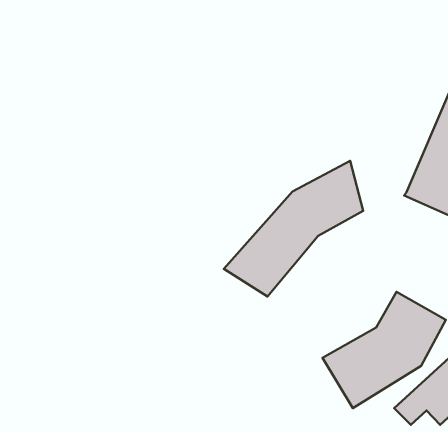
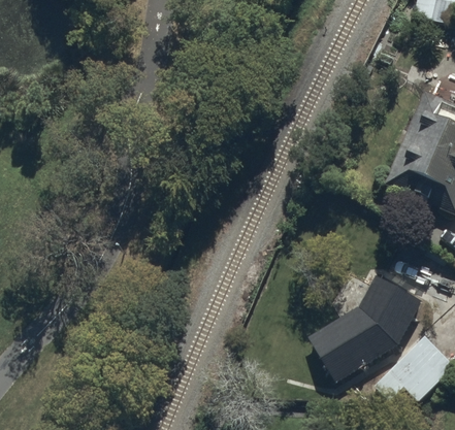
building: [224,161,363,296] -> none

